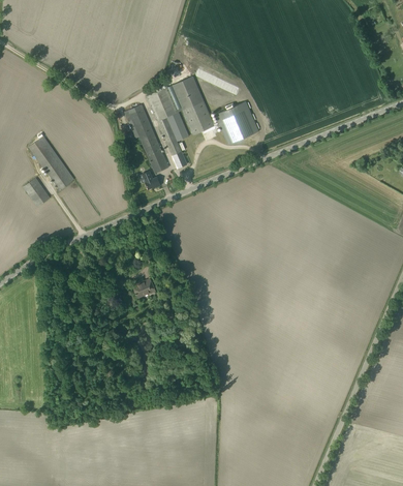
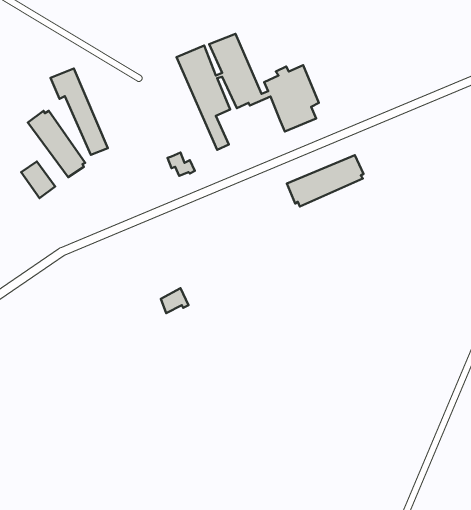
building: [123,103,168,172] -> [50,69,108,155]
building: none -> [287,155,364,206]

